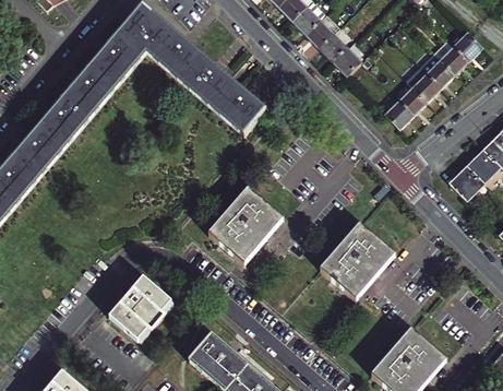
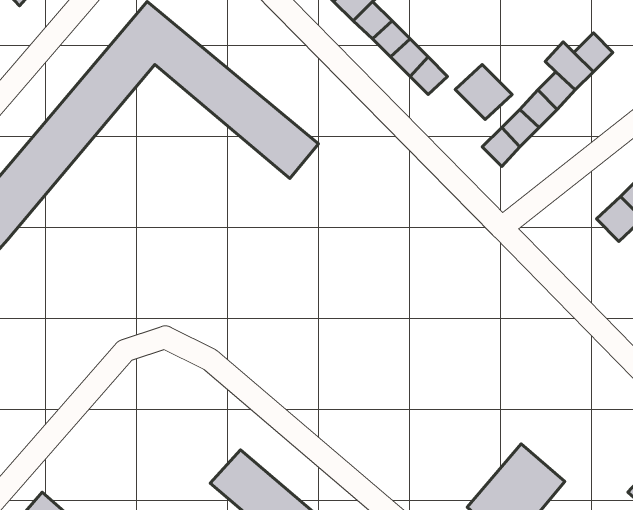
building: none -> [455,65,512,119]
building: [450,165,483,199] -> none
building: [211,189,280,262] -> none
building: [320,224,393,298] -> none
building: [111,270,173,334] -> none

